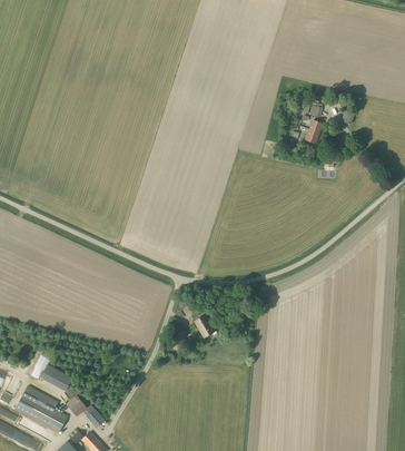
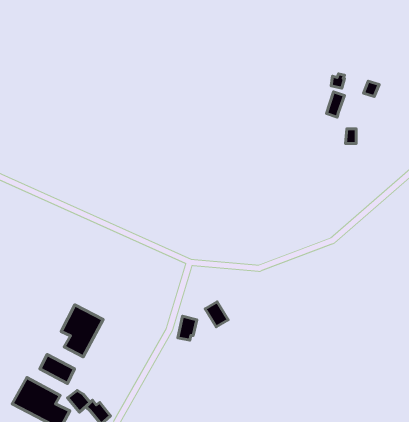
building: none -> [61,305,103,357]

